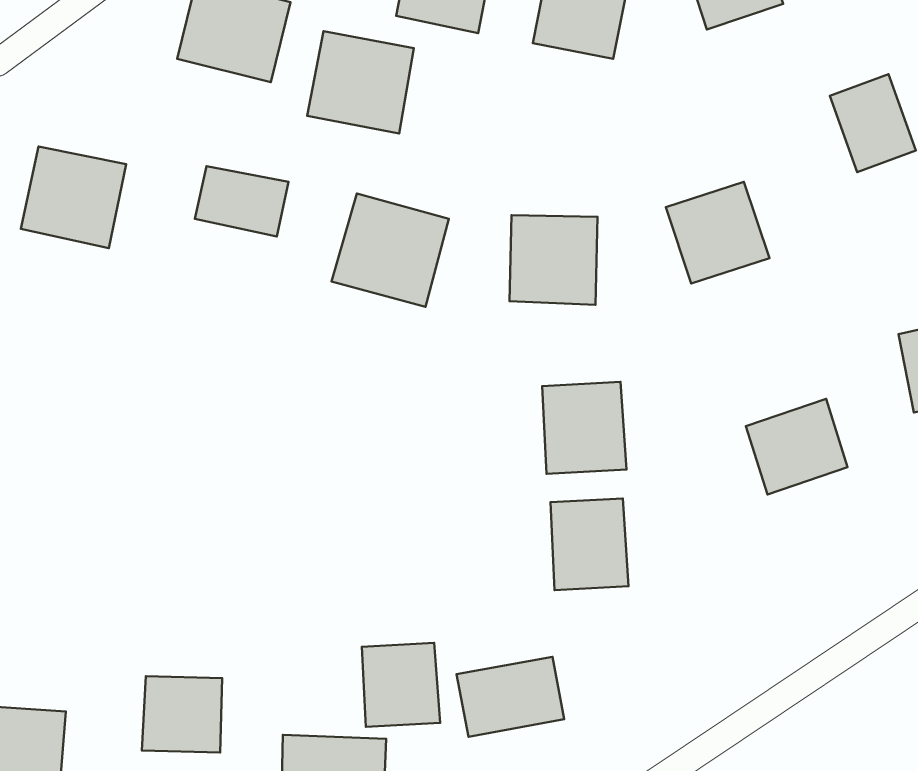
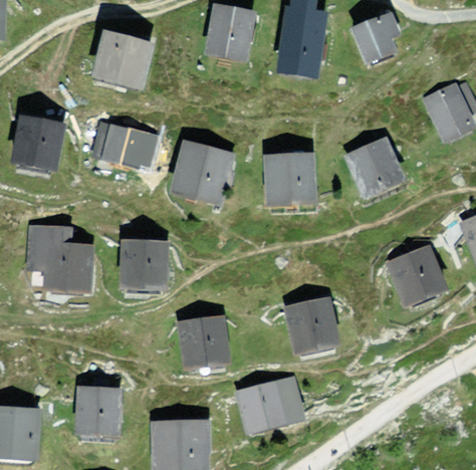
building: [307,31,414,134] -> none
building: none -> [38,227,98,287]
building: [542,382,627,474] -> none
building: none -> [126,241,164,284]
building: [362,643,440,727] -> [184,322,224,366]

